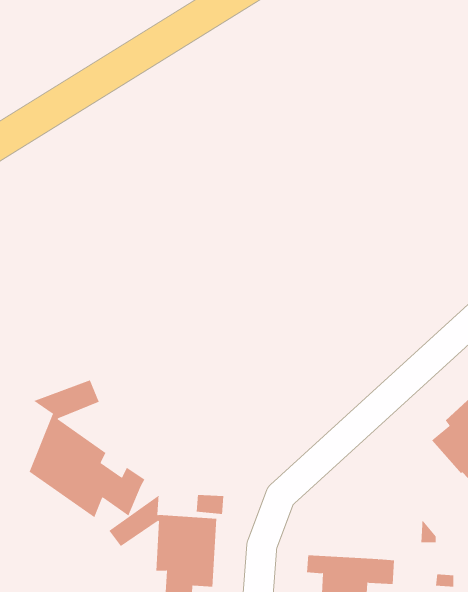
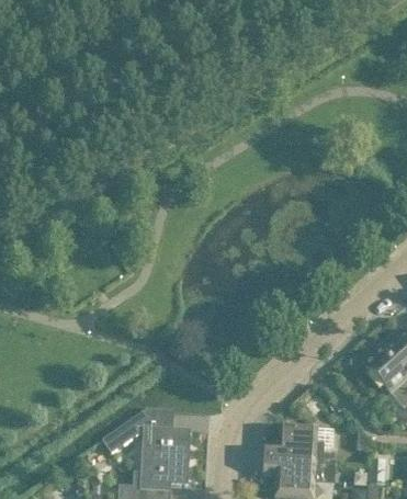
building: [29,379,145,518] -> none
building: none -> [263,426,332,464]

